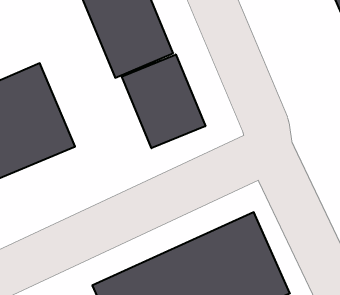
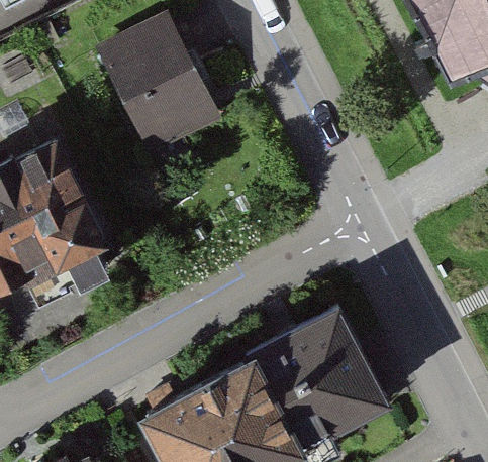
building: [122,54,205,148] -> none

